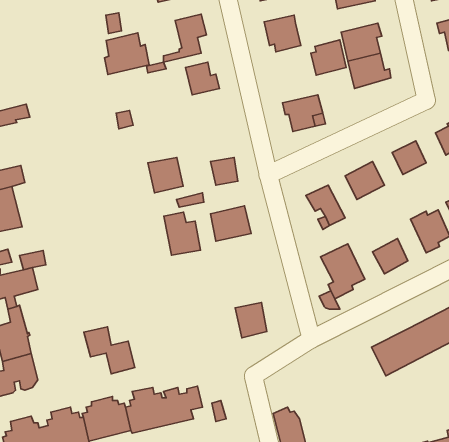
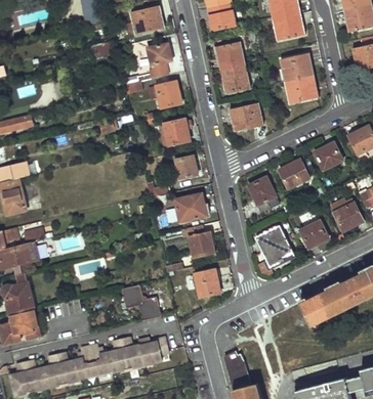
building: [104,33,149,75] -> none
building: [311,40,346,75] -> [222,69,250,96]
building: [148,158,183,193] -> [162,119,190,146]
building: [164,212,200,255] -> [185,224,214,258]
building: [84,327,135,374] -> [121,284,161,321]

